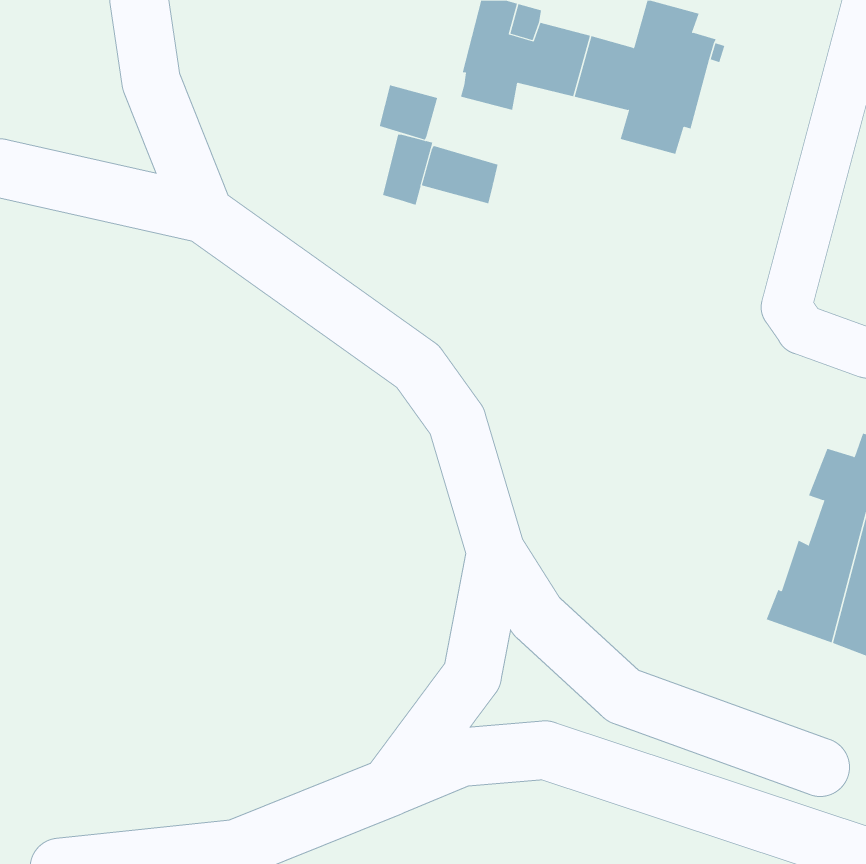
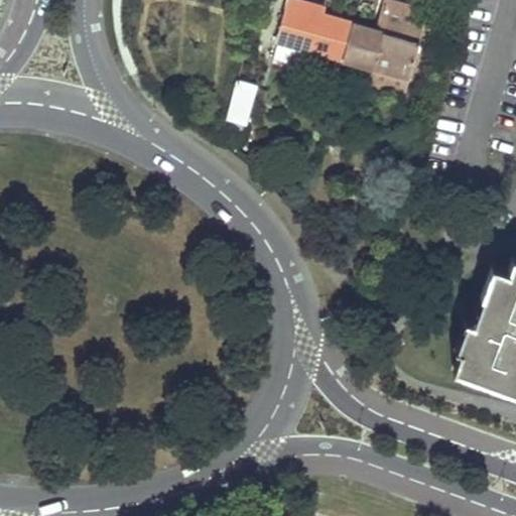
building: [379,85,438,141] -> none
building: [421,145,498,204] -> none

